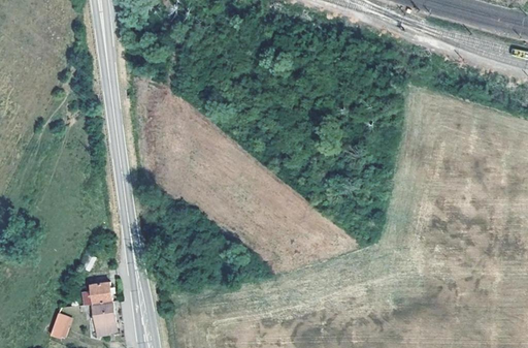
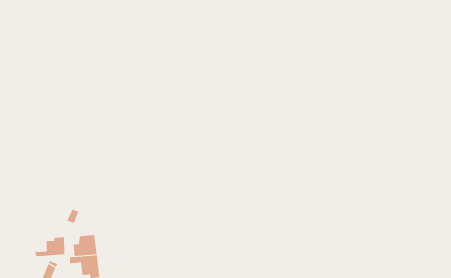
building: none -> [35,237,65,257]

